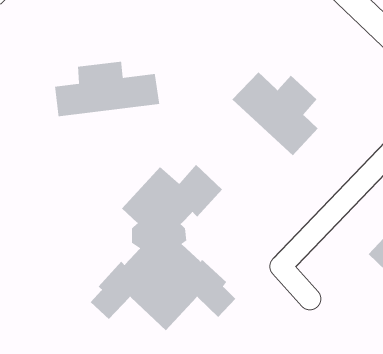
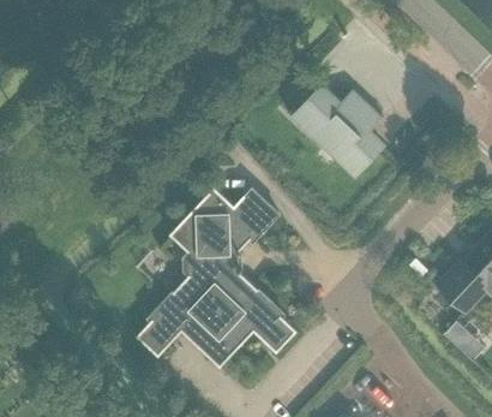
building: [54,61,160,117] -> none

